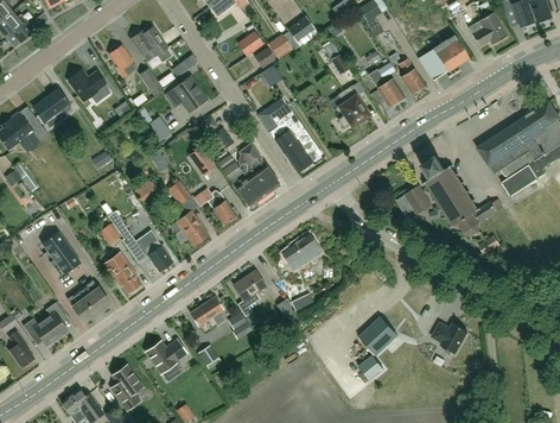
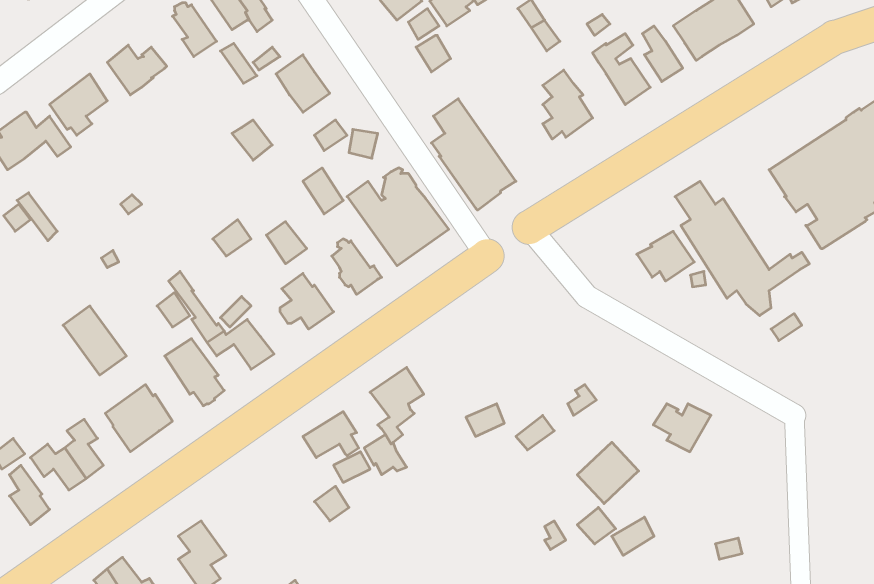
building: [280,234,314,270] -> none
building: [432,323,467,353] -> [653,404,711,452]
building: [146,340,186,373] -> none

